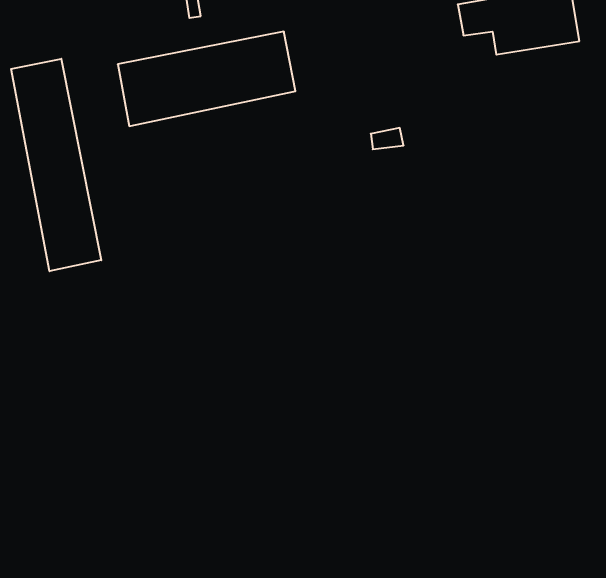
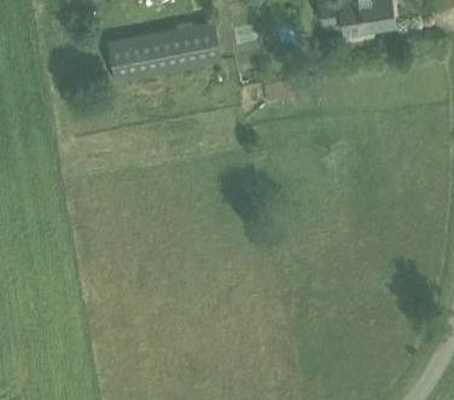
building: [11,59,101,271] -> none

